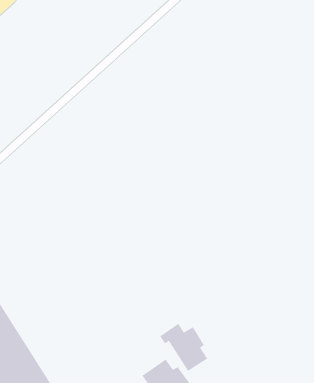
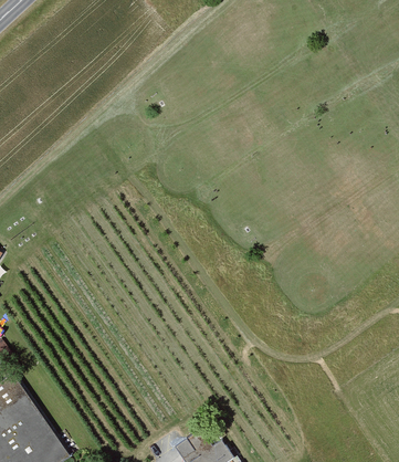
building: [159,323,208,372] -> none

